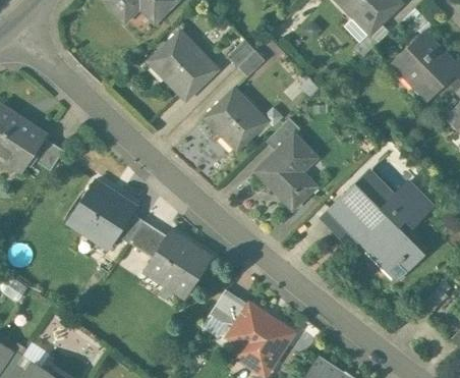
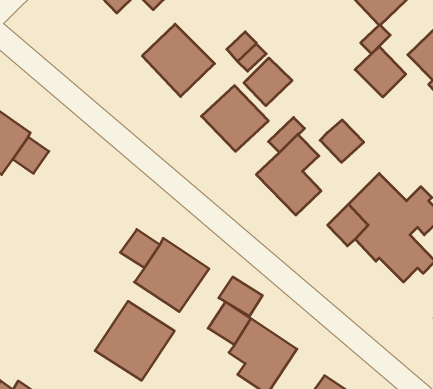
building: none -> [355,46,406,97]
building: none -> [244,58,292,106]
building: none -> [320,120,364,162]
building: [67,179,136,249] -> none
building: none -> [219,277,262,316]
building: none -> [95,301,174,380]

